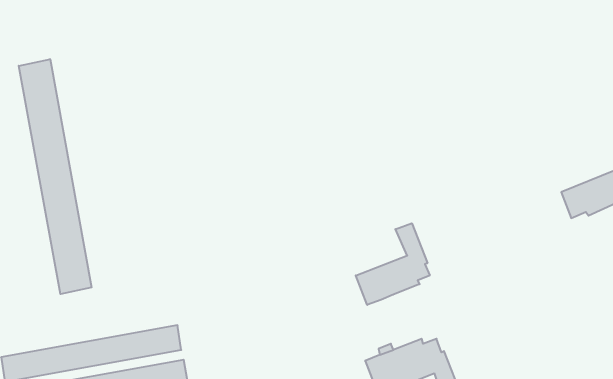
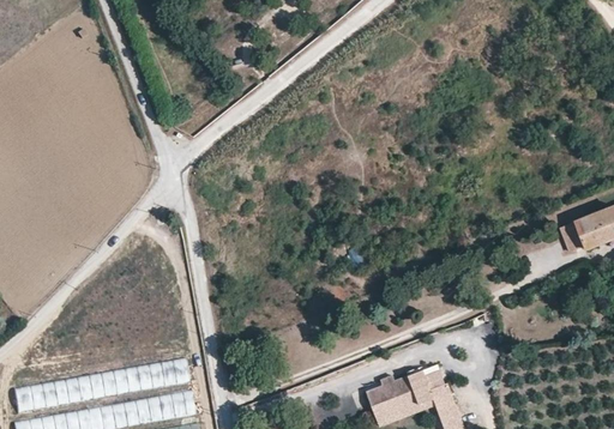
building: [19,59,92,294] -> none
building: [356,223,430,305] -> none

